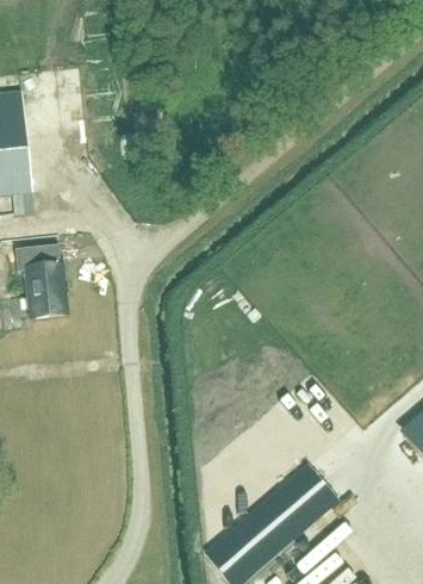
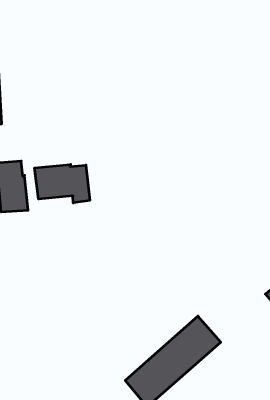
building: none -> [35,164,90,203]

